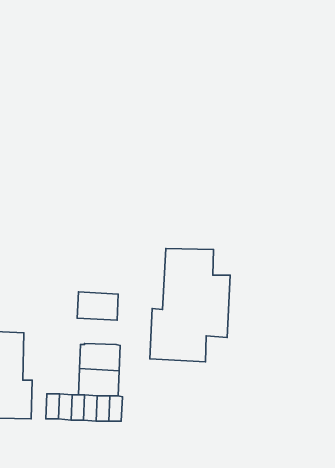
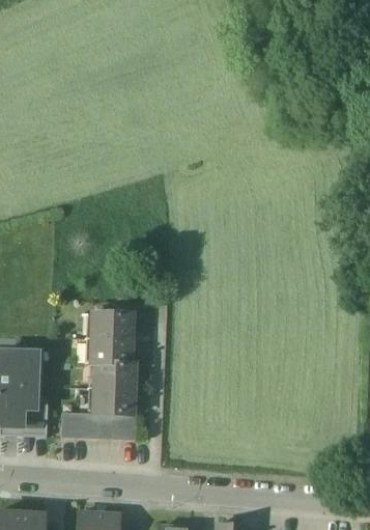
building: [150,248,230,362] -> none
building: none -> [90,337,131,363]

